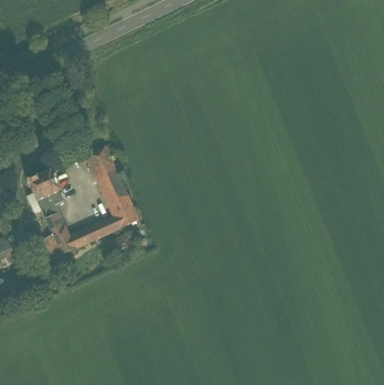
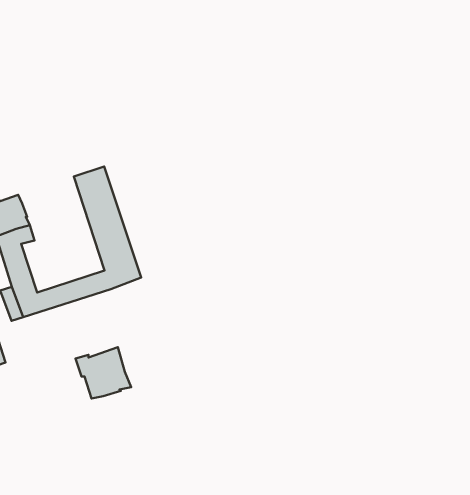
building: none -> [76,347,131,399]

